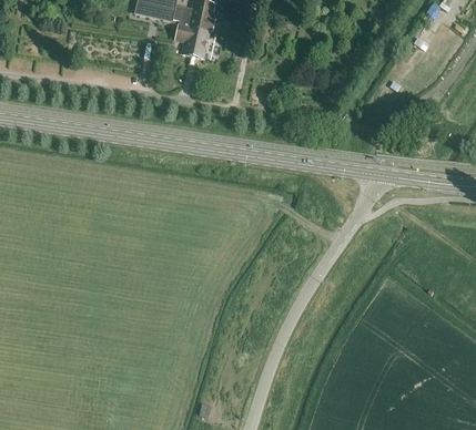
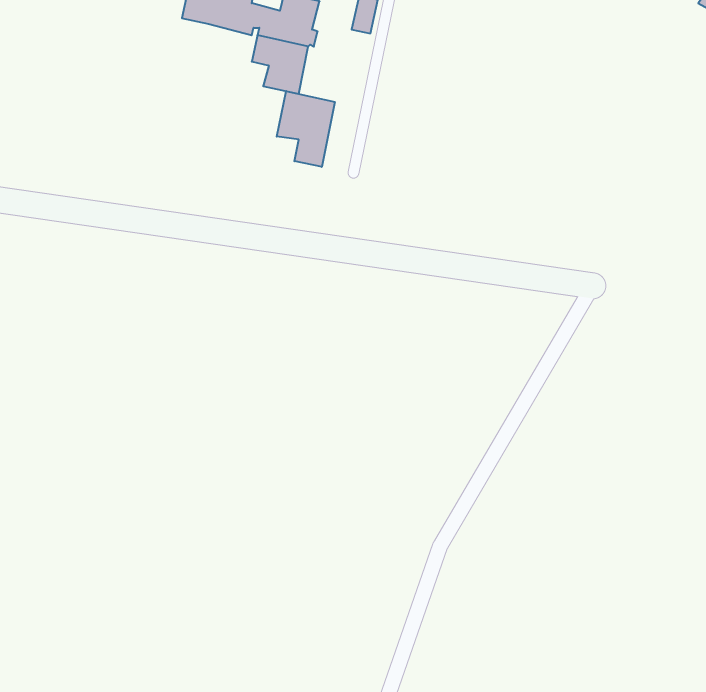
building: none -> [277,91,335,167]

